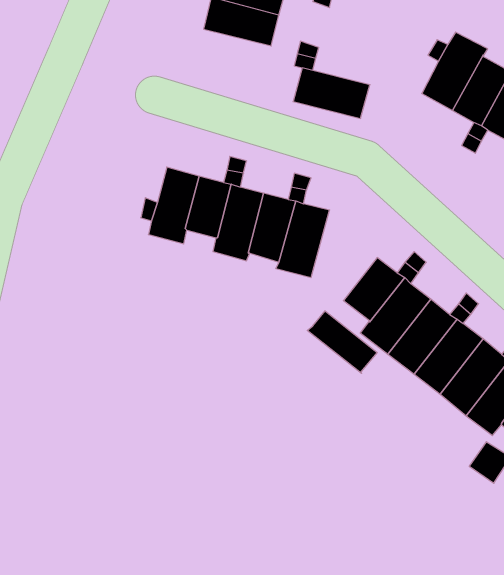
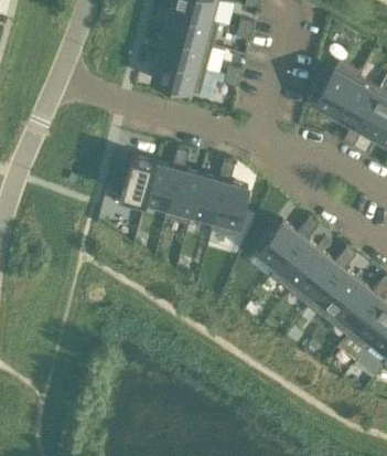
building: [293,68,370,118] -> [151,59,206,95]
building: [307,311,377,373] -> none

